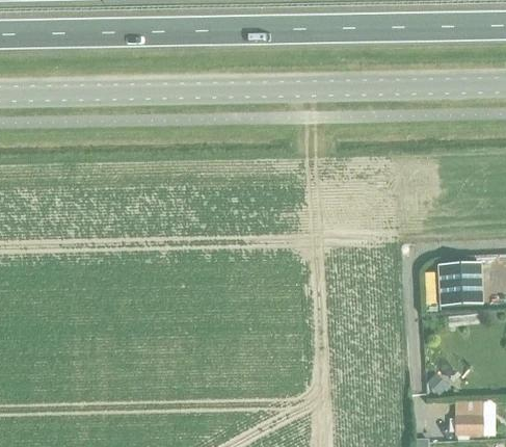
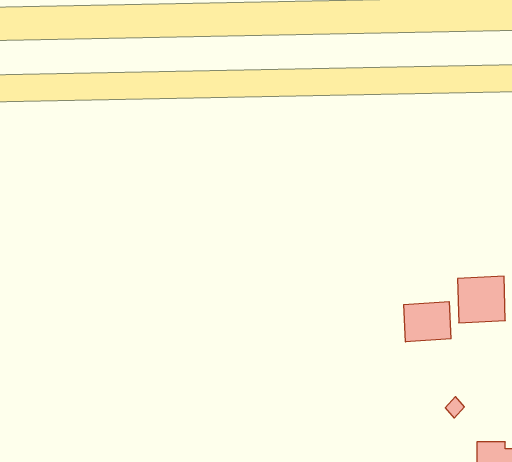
building: none -> [404,302,451,342]

